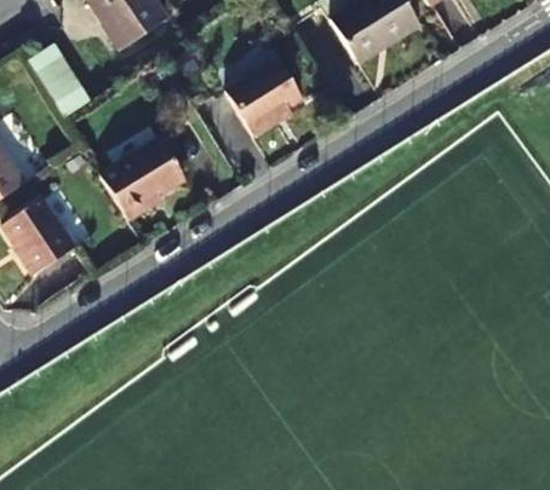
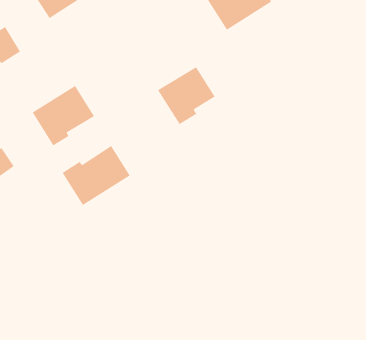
building: [224,58,302,136] -> [157,67,215,125]
building: none -> [62,145,131,206]

